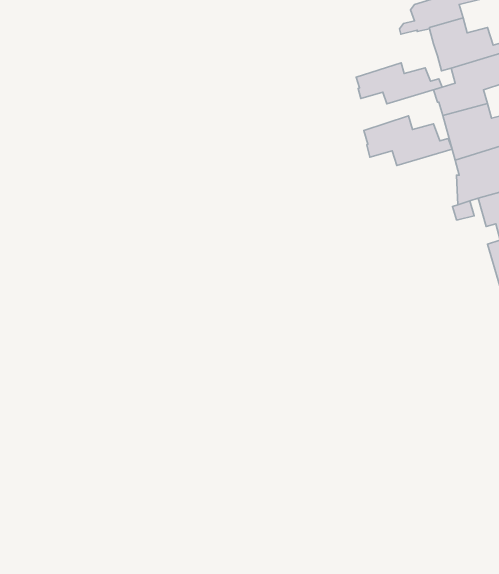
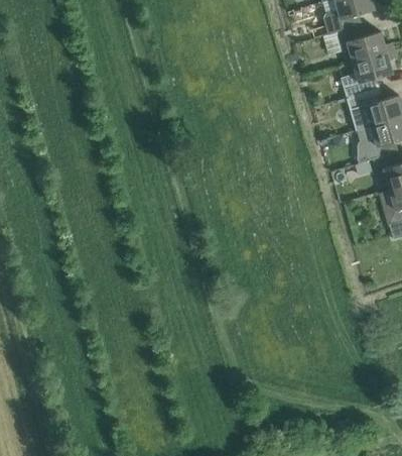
building: [356,63,442,104] -> none
building: [364,116,452,166] -> none

